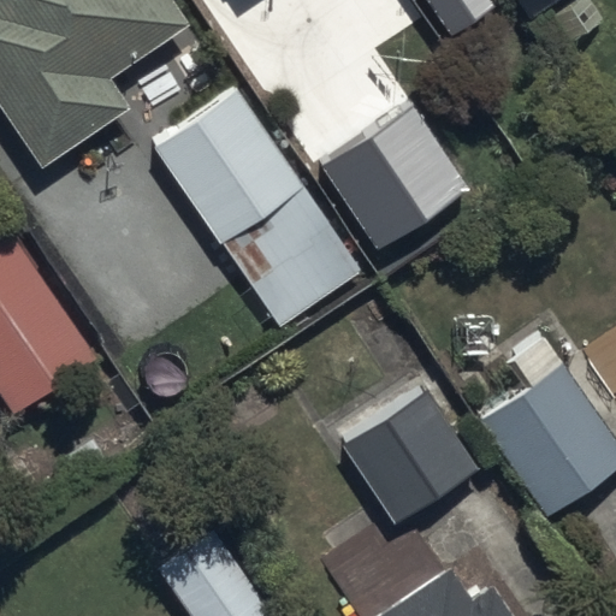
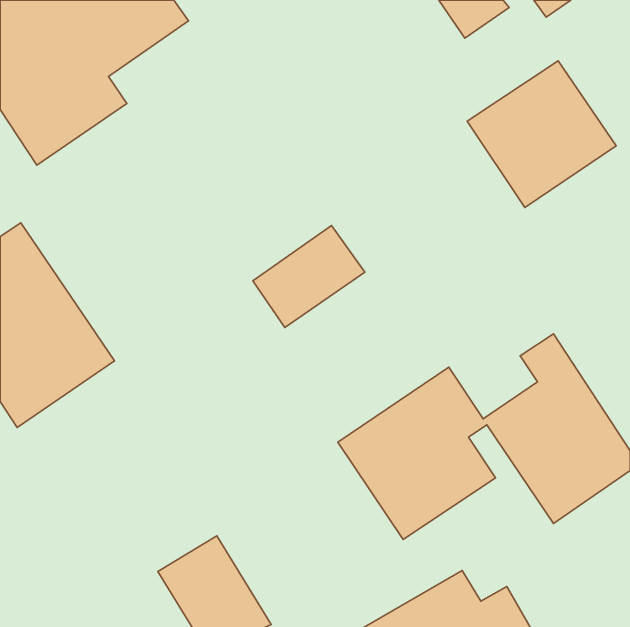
building: [152,84,297,233] -> none
building: [321,108,467,251] -> [467,61,616,207]

